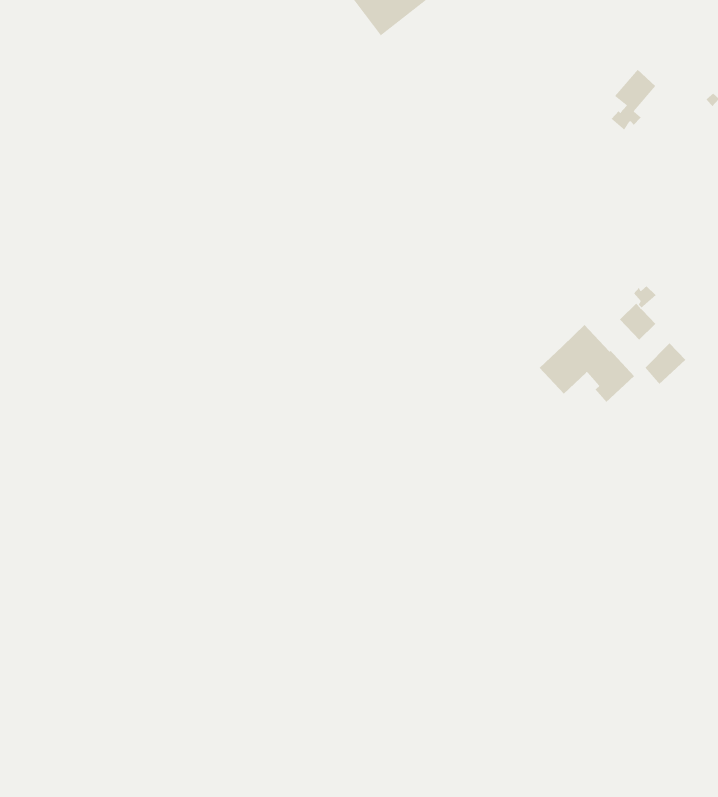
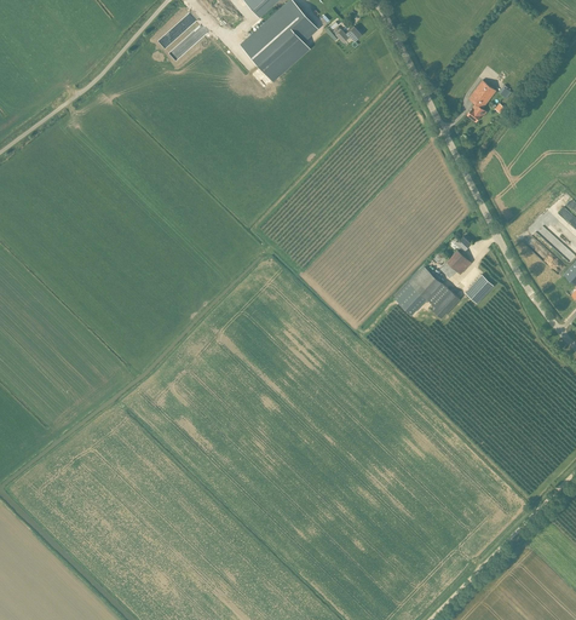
building: [611,69,656,131] -> [467,79,496,121]

